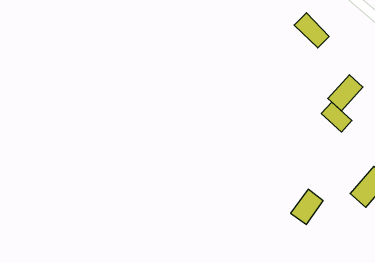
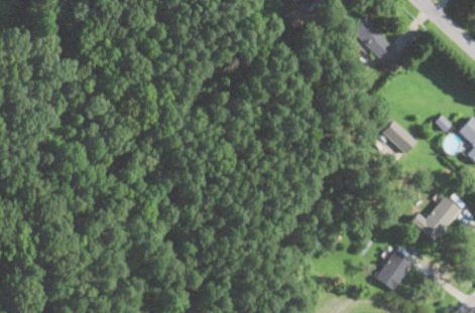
building: [328,75,363,111] -> none
building: [291,189,323,224] -> [375,250,412,290]

